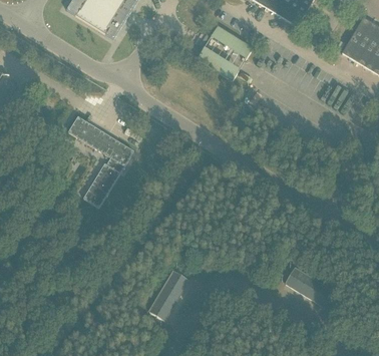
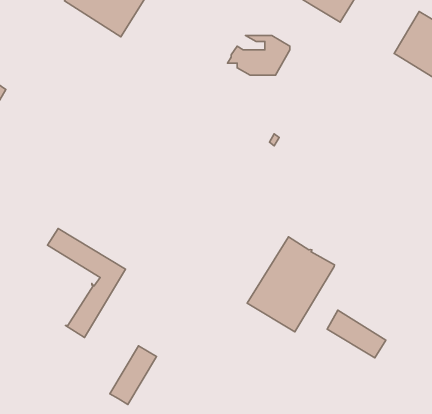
building: [67,116,132,208] -> [47,228,125,337]
building: none -> [247,237,335,332]
building: [148,271,187,320] -> [110,346,157,405]

